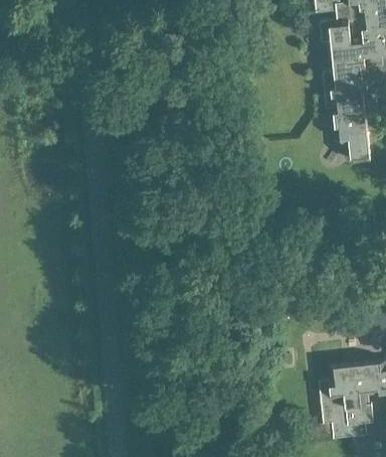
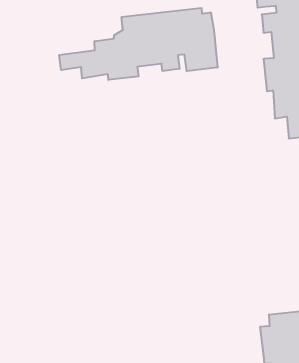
building: none -> [59,8,218,80]

